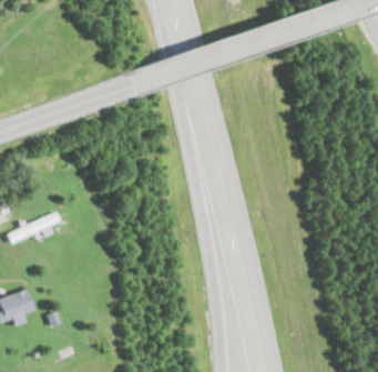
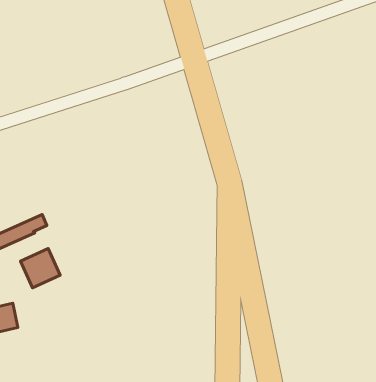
building: none -> [21,248,60,288]

